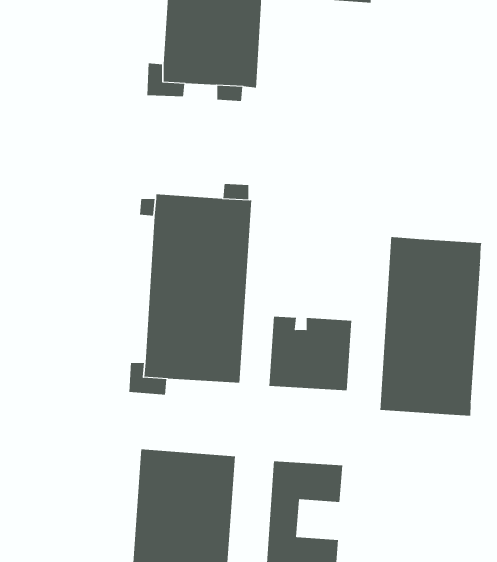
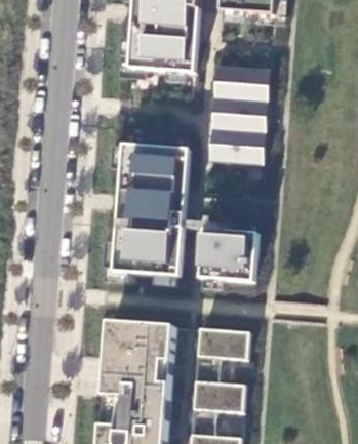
building: none -> [206,65,265,164]
building: [380,236,482,417] -> none

